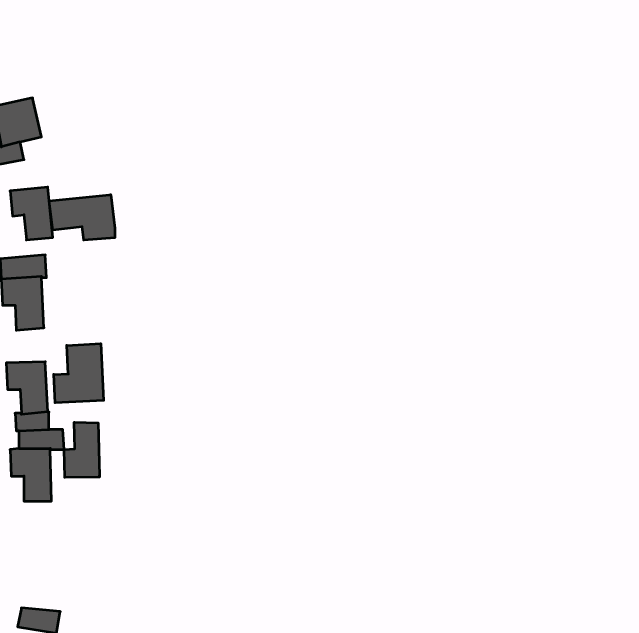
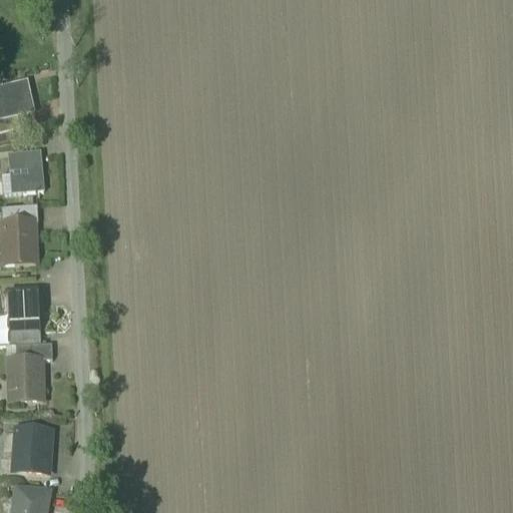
building: [49,195,115,240] -> none
building: [54,344,104,403] -> none
building: [64,422,99,477] -> none
building: none -> [16,429,47,471]

